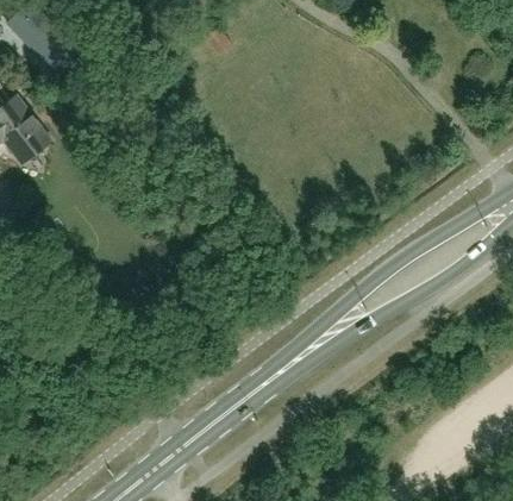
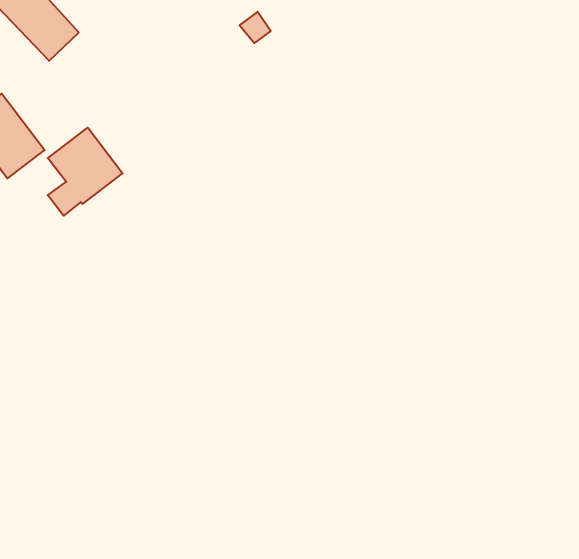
building: none -> [48,128,123,216]

